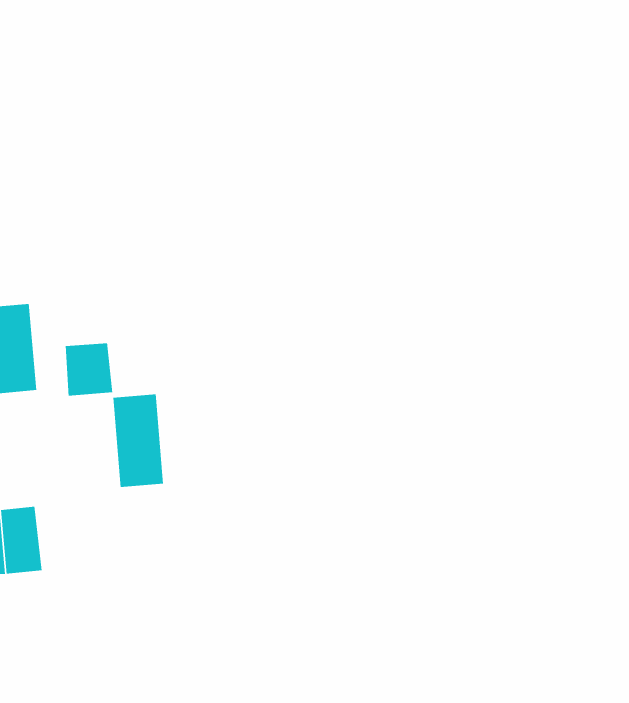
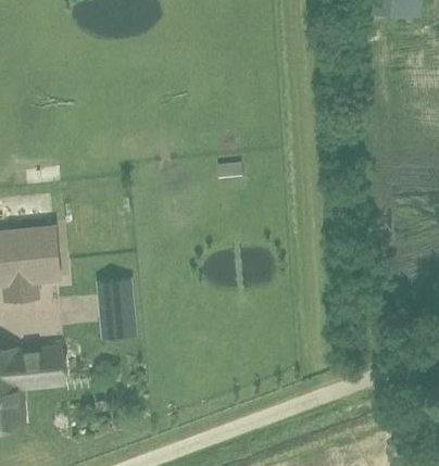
building: [65,342,113,396] -> none

